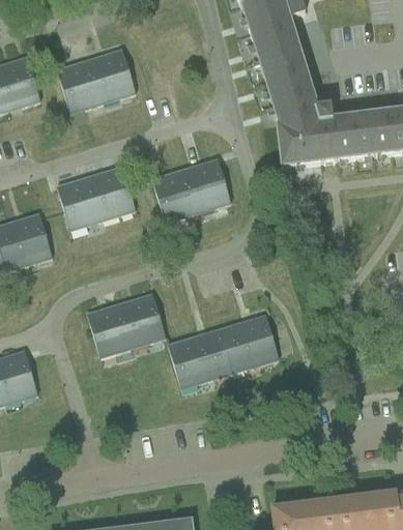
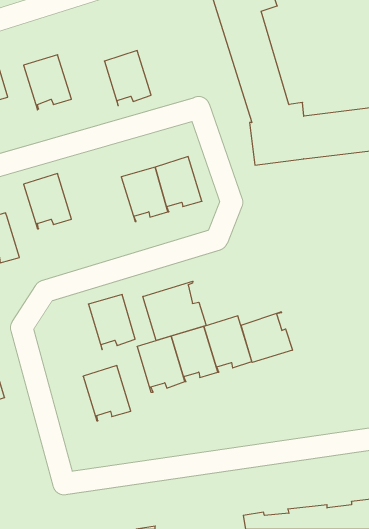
building: [90,49,136,102] -> [104,51,151,106]
building: [90,166,136,219] -> none
building: none -> [143,281,206,341]
building: [87,302,134,356] -> [83,366,131,421]
building: none -> [241,312,292,362]

